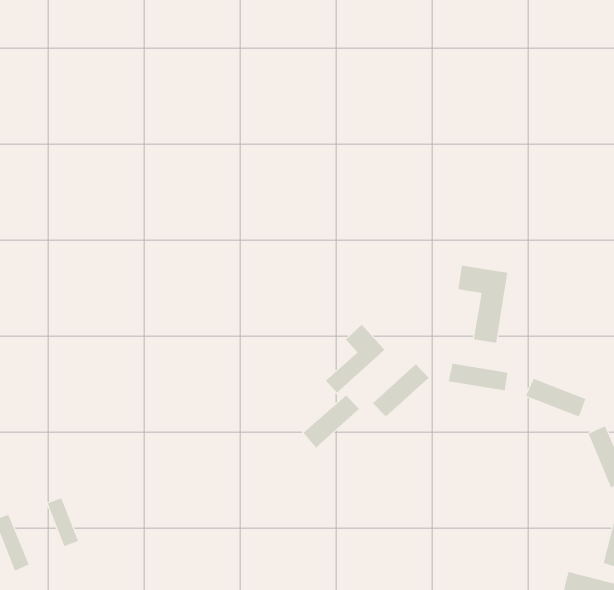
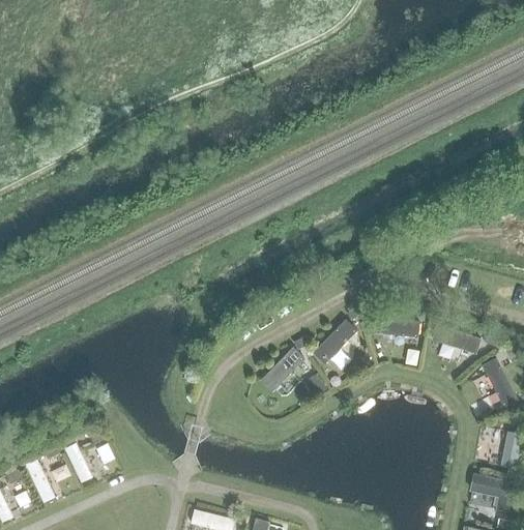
building: [458,265,508,343] -> none
building: [325,324,385,394] -> none

